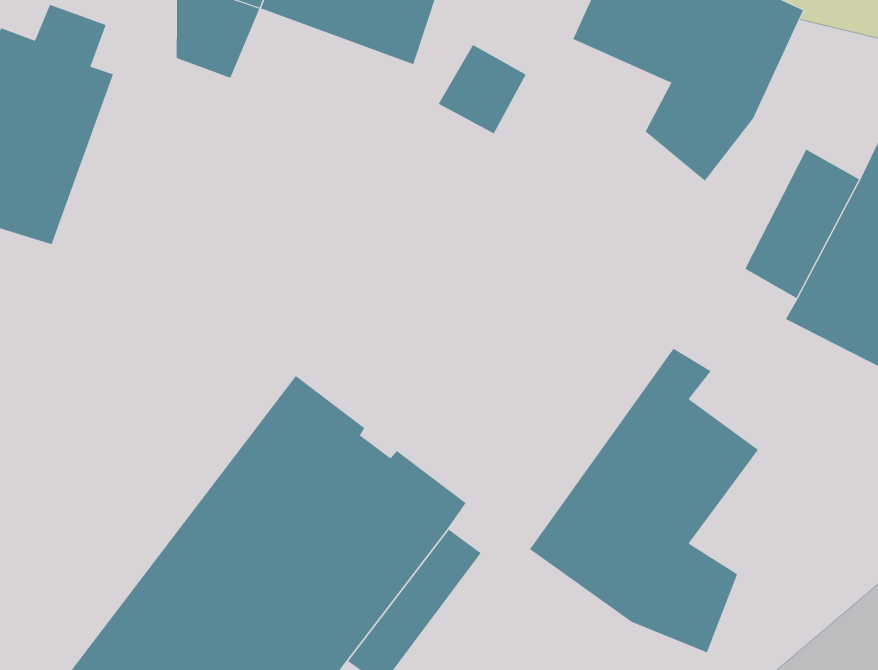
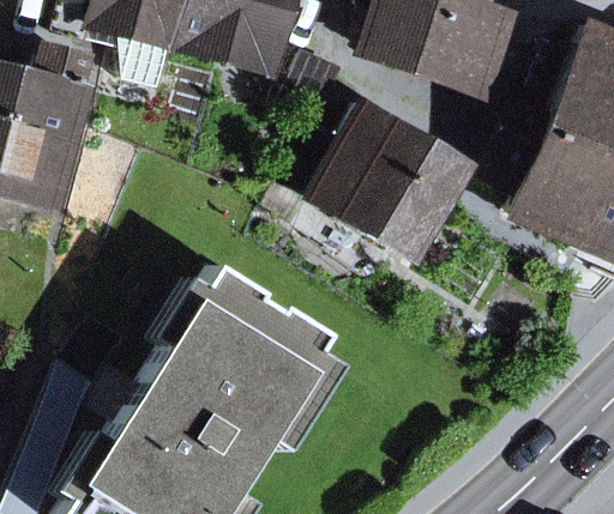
building: none -> [290,103,471,258]
building: [529,348,759,653] -> none

